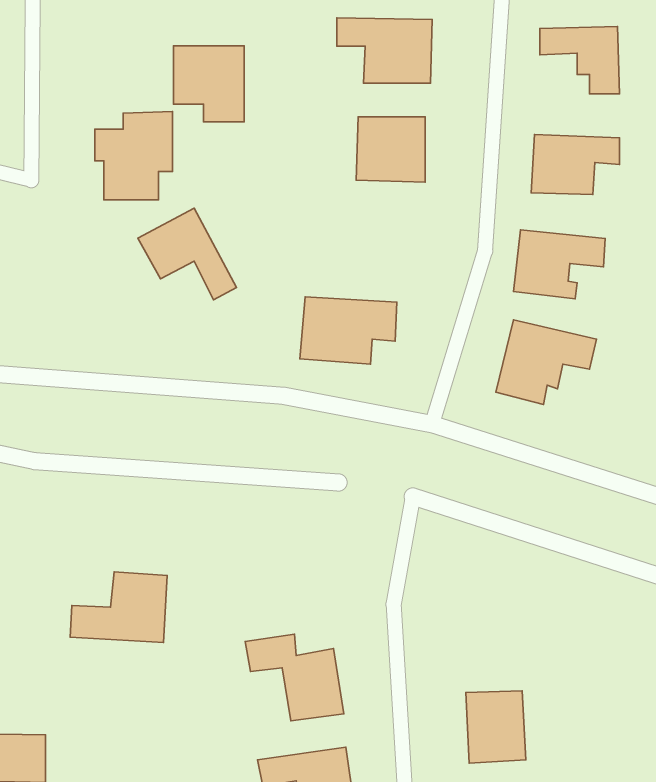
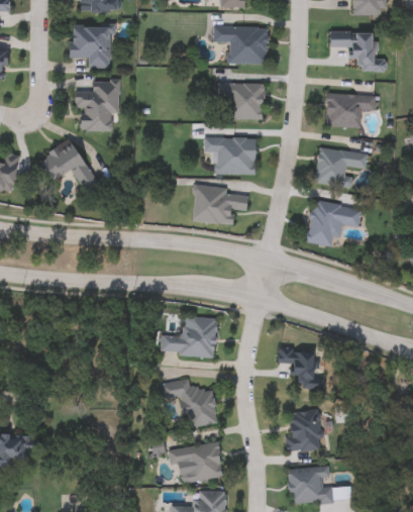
building: [174,46,244,122] -> [71,24,111,68]
building: [138,208,237,300] -> [40,139,97,192]
building: none -> [204,136,255,174]
building: [70,572,167,643] -> [161,316,216,356]
building: none -> [278,349,315,388]

